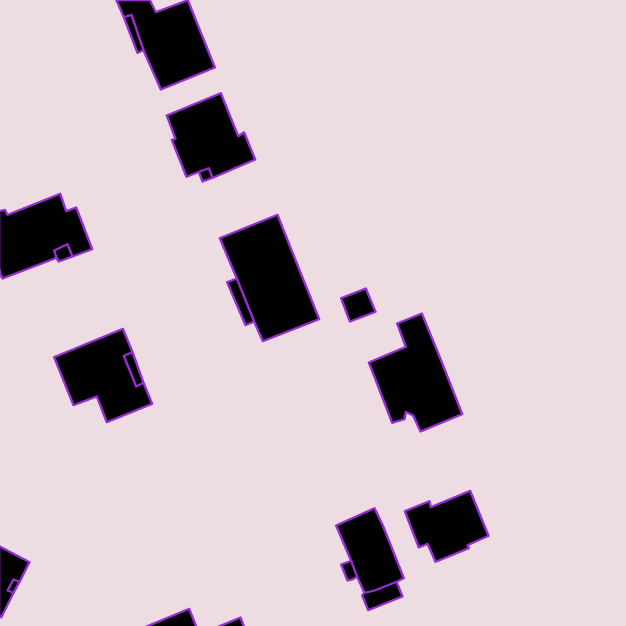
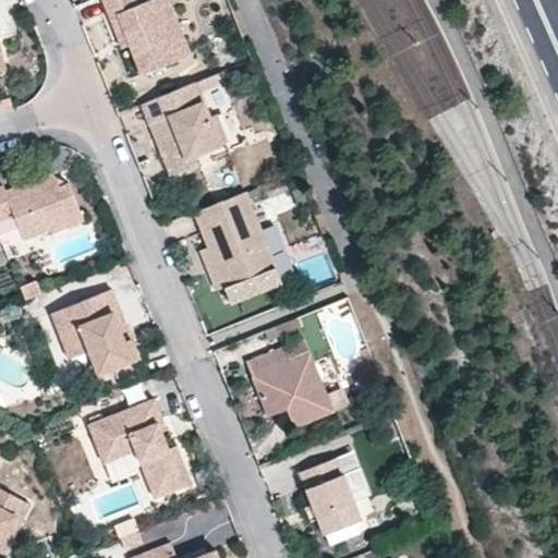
building: [369,314,462,431] -> [248,317,331,422]
building: none -> [86,398,190,494]
building: [405,491,488,562] -> none

